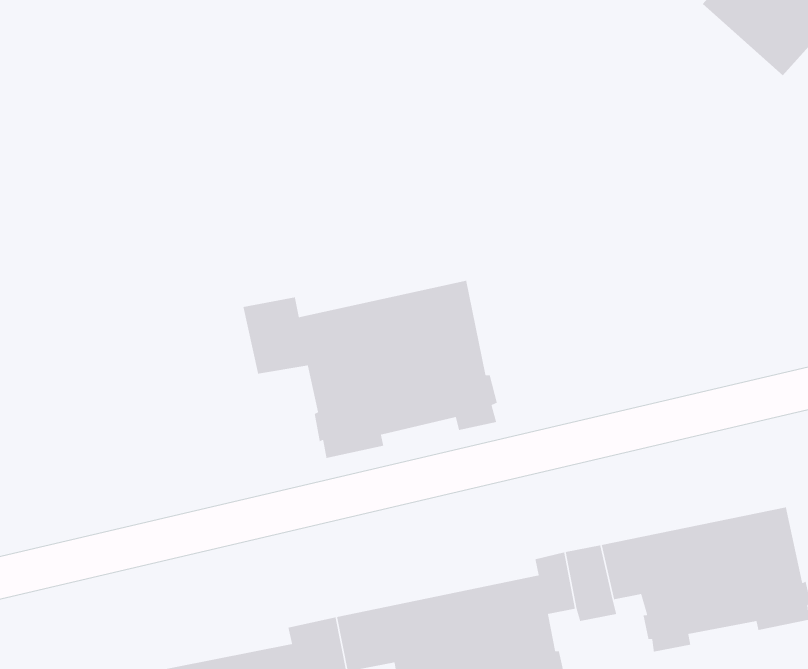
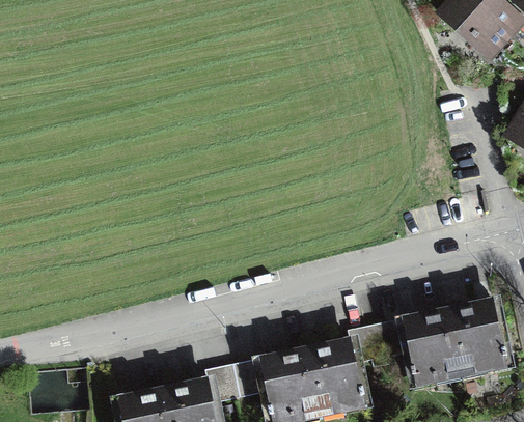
building: [243,280,498,459] -> none

